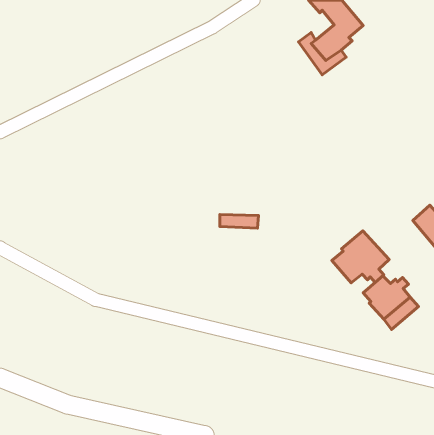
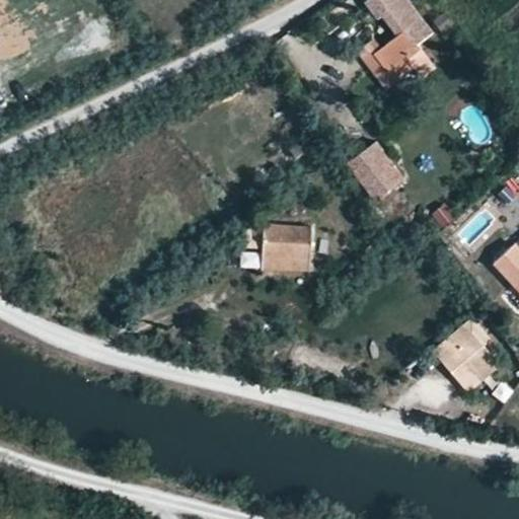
building: none -> [349,144,393,188]
building: none -> [264,223,310,256]
building: [332,231,389,283] -> none

